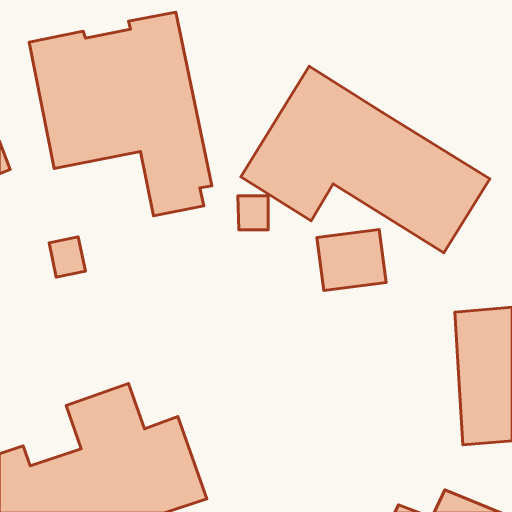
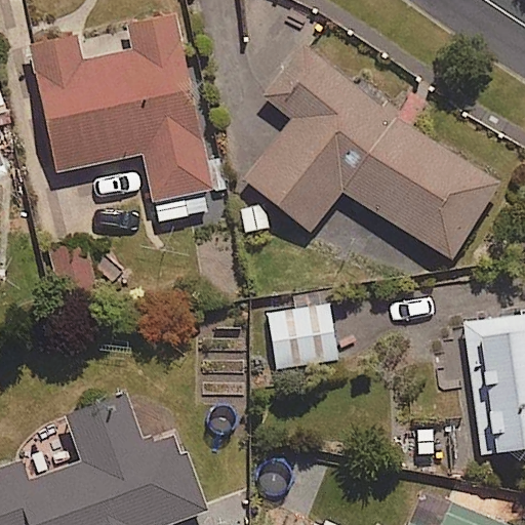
building: [317,229,386,291] -> [267,305,337,367]

